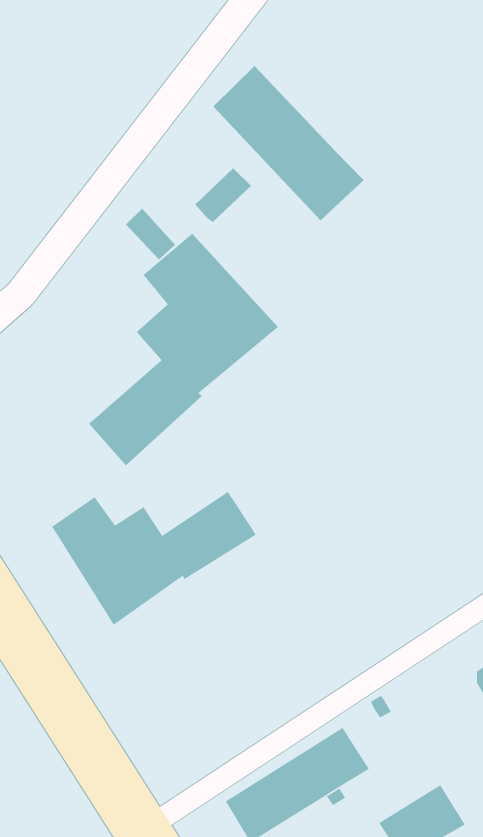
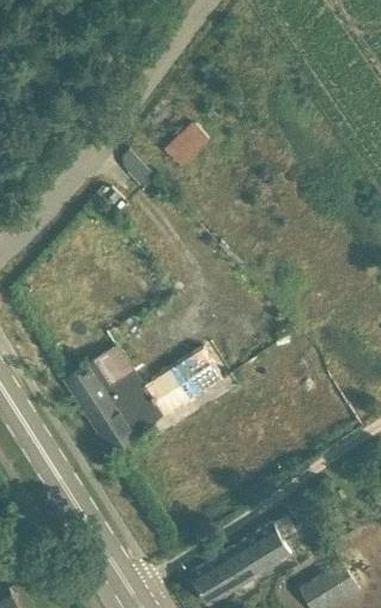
building: [212,65,364,221] -> none
building: [88,233,279,466] -> none

